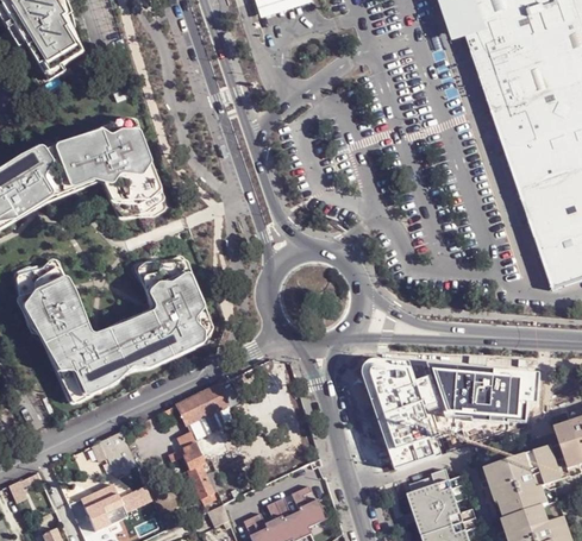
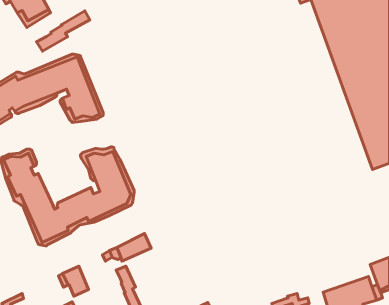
building: none -> [37,11,90,51]
building: [358,360,531,471] -> none

